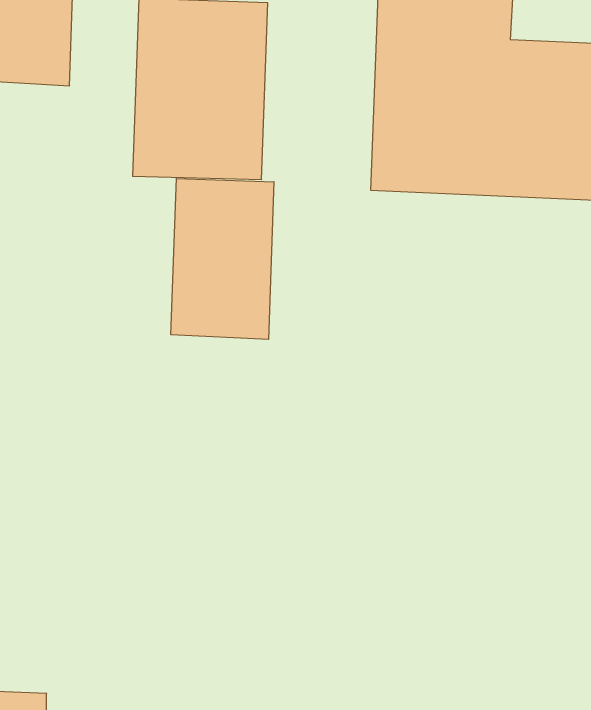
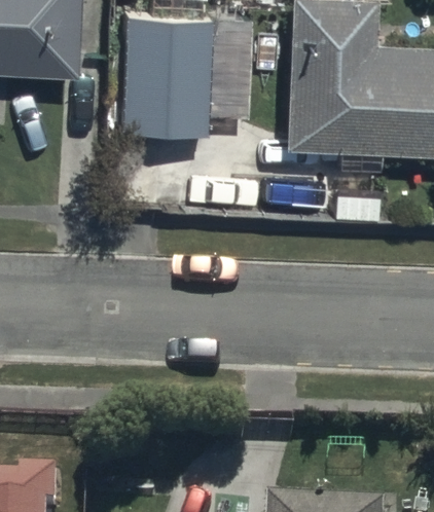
building: [171,178,274,339] -> none

